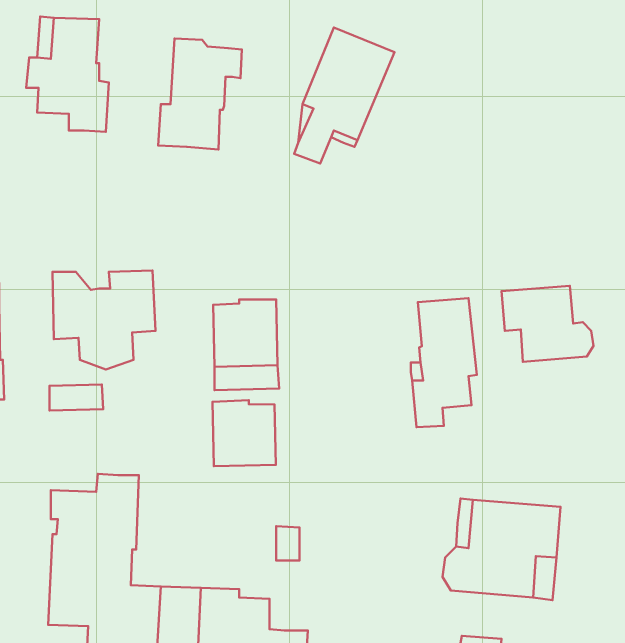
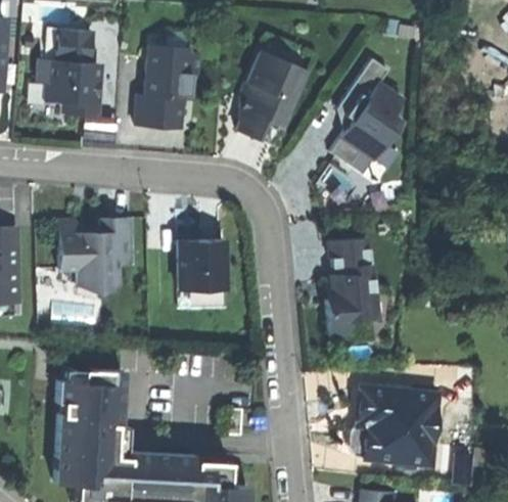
building: none -> [332,67,413,173]
building: [502,286,593,362] -> none
building: [212,400,276,466] -> none

